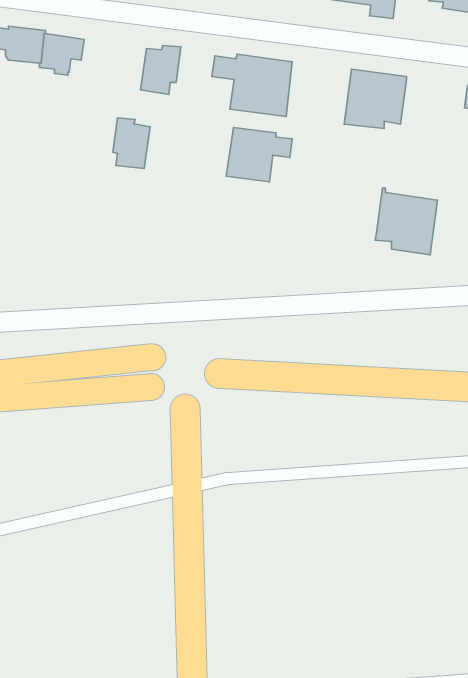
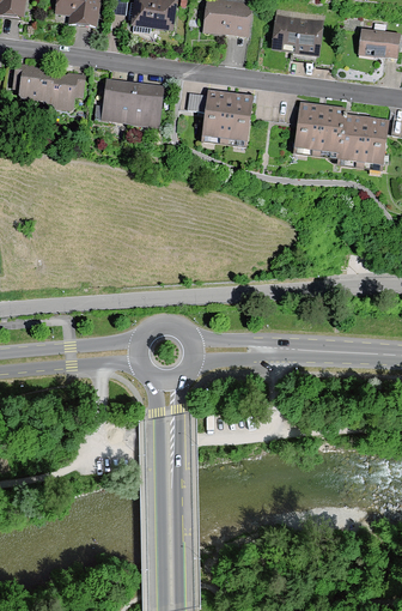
building: [113,118,150,168] -> [104,80,134,121]
building: [226,127,292,182] -> none
building: [375,188,438,255] -> [337,113,388,167]

